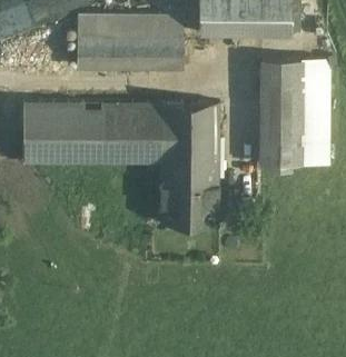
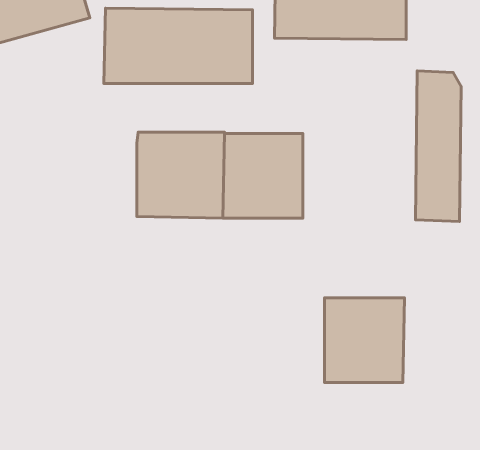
building: [260,59,299,165] -> none
building: [23,101,100,162] -> none
building: [161,163,218,224] -> [325,298,404,382]

